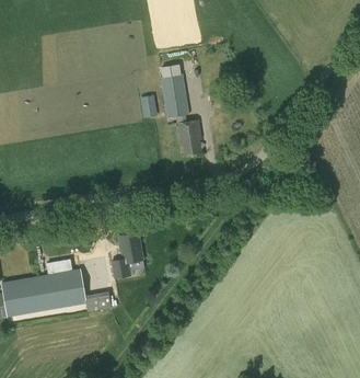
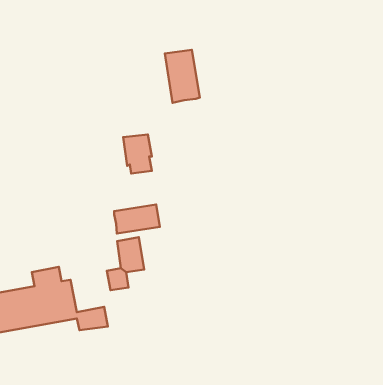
building: [177,122,201,154] -> [123,135,152,173]
building: none -> [114,205,160,234]

